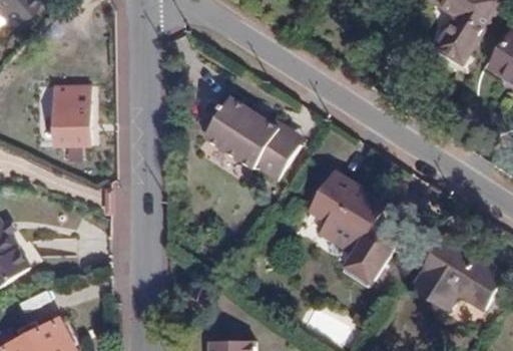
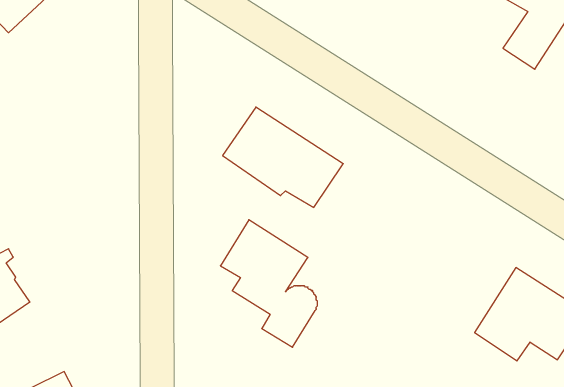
building: [54,89,90,146] -> none
building: [309,173,391,282] -> [220,220,317,347]

